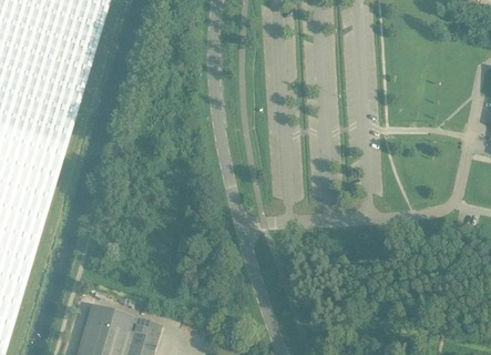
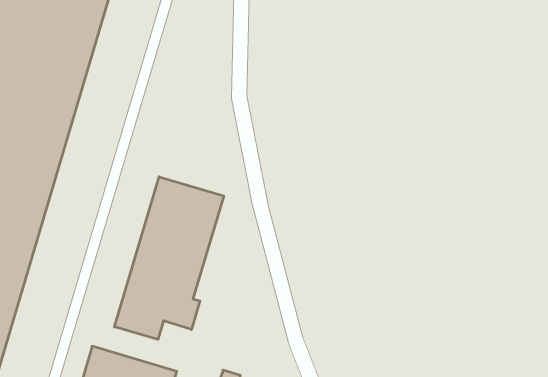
building: none -> [114,177,224,339]

